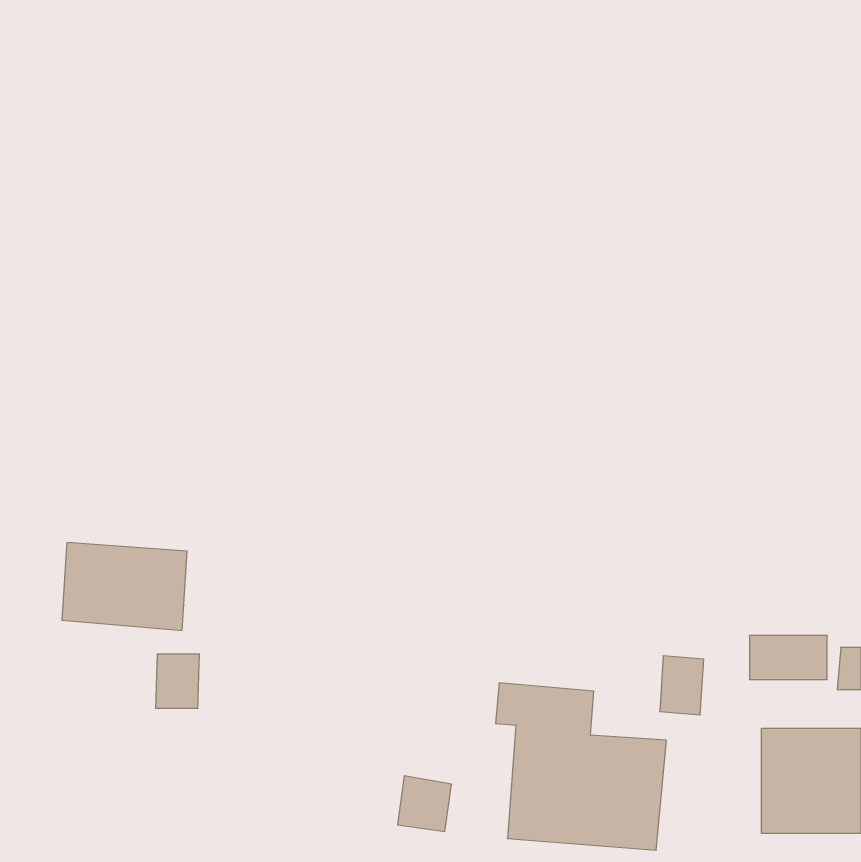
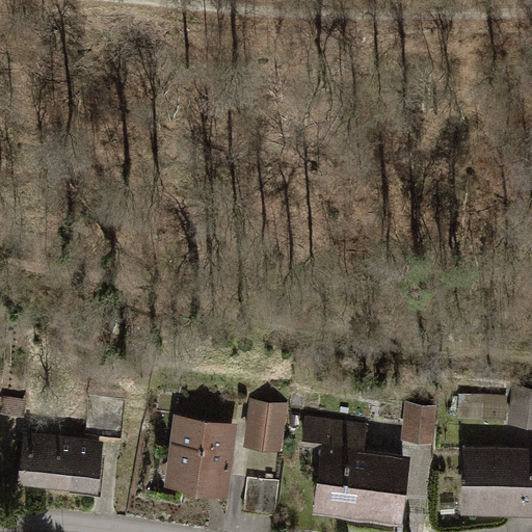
building: [62,543,187,630] -> [24,440,101,494]
building: none -> [251,405,284,451]
building: none -> [165,413,234,490]

